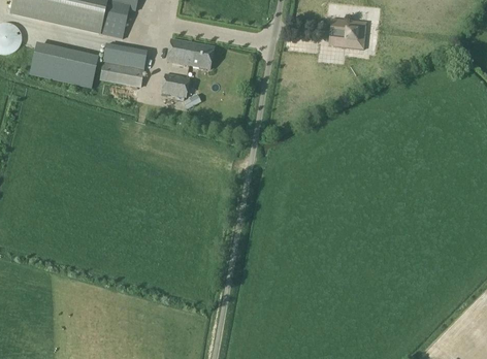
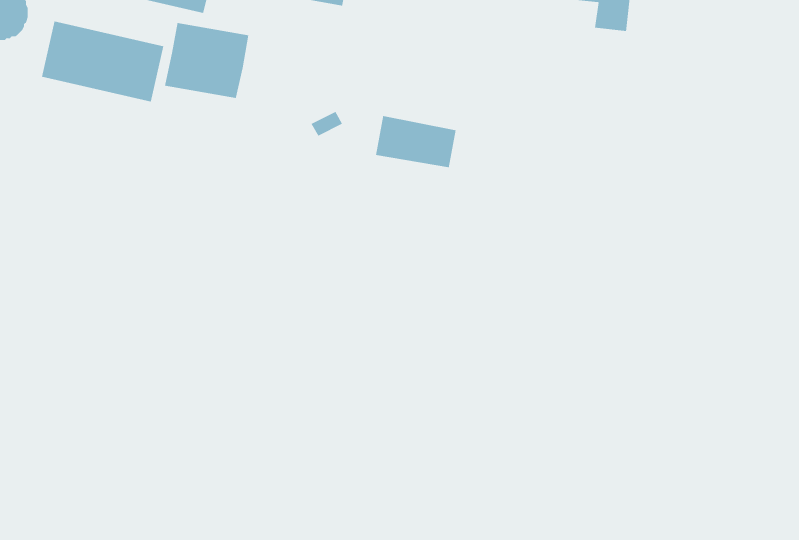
building: [167,37,214,67] -> [375,116,457,168]
building: [161,72,190,96] -> none

